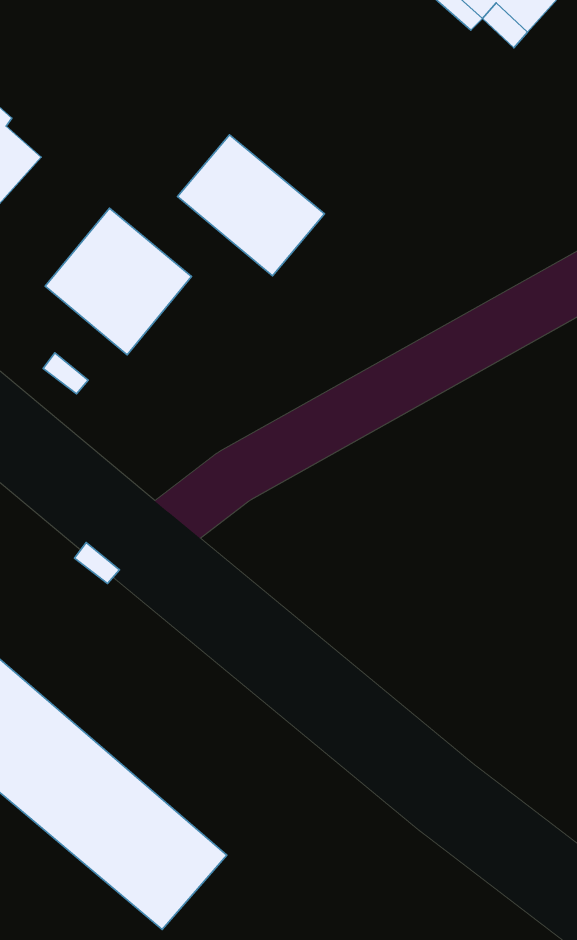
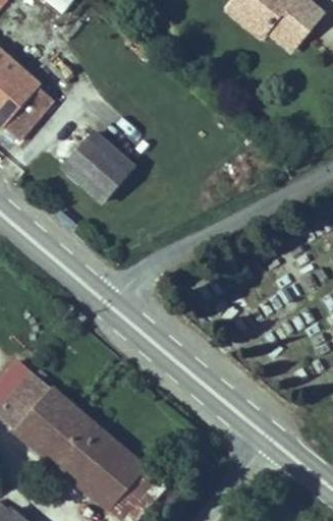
building: [177,135,325,276] -> none

